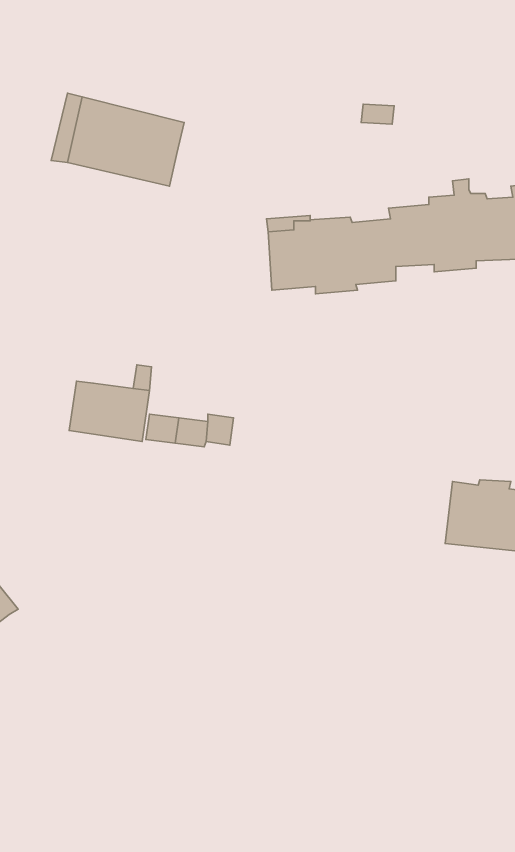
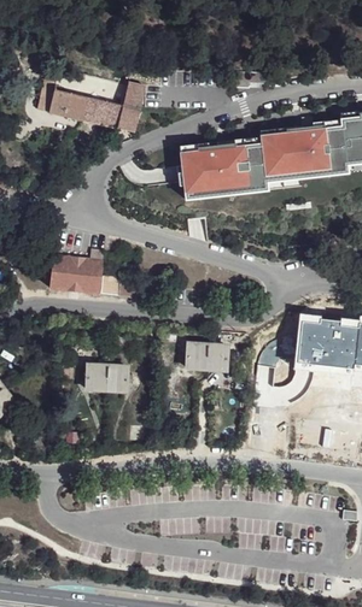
building: none -> [116,83,145,129]
building: none -> [183,344,224,370]
building: none -> [82,366,124,390]

